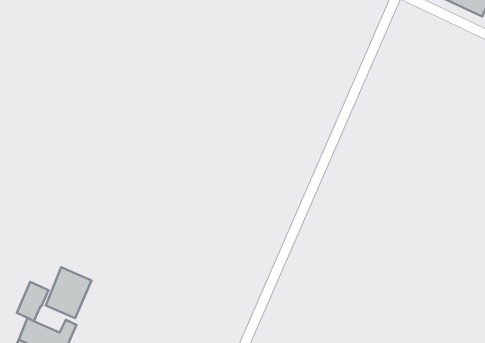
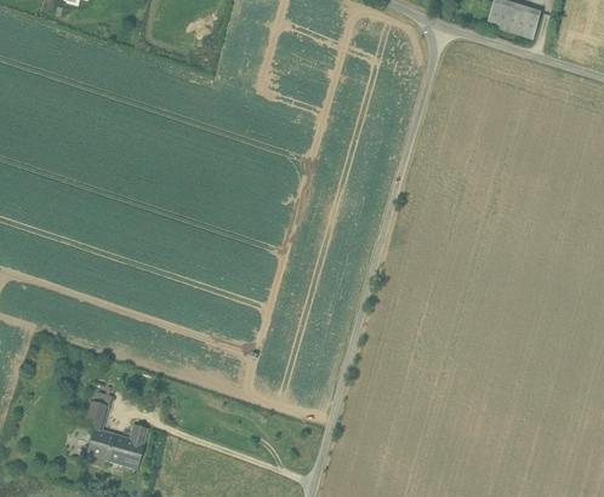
building: [46,267,92,318] -> none

